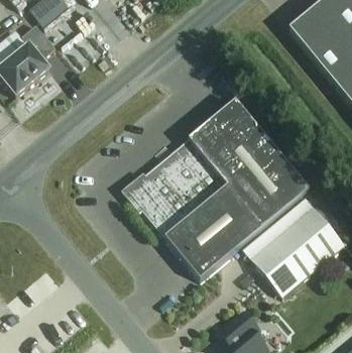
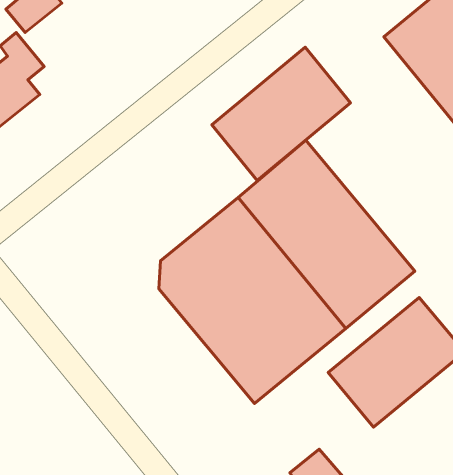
building: none -> [212,47,351,181]

